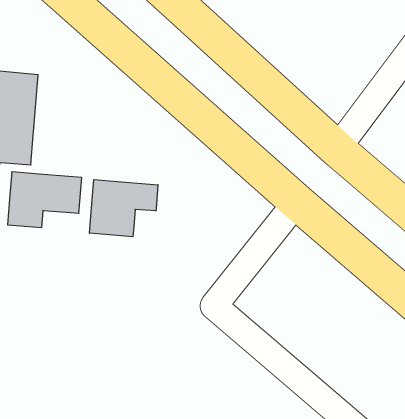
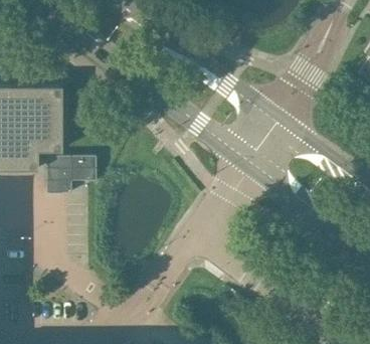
building: [90,180,158,237] -> none

